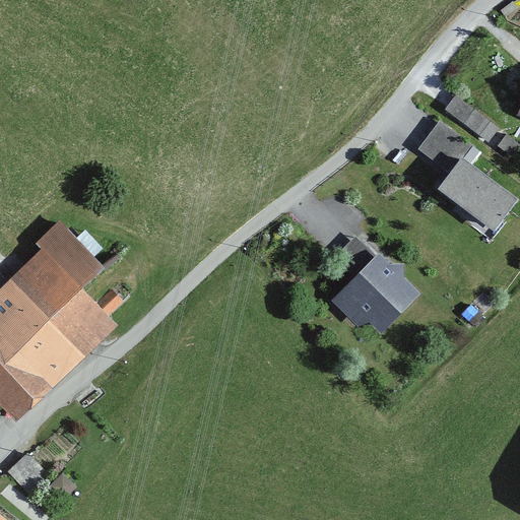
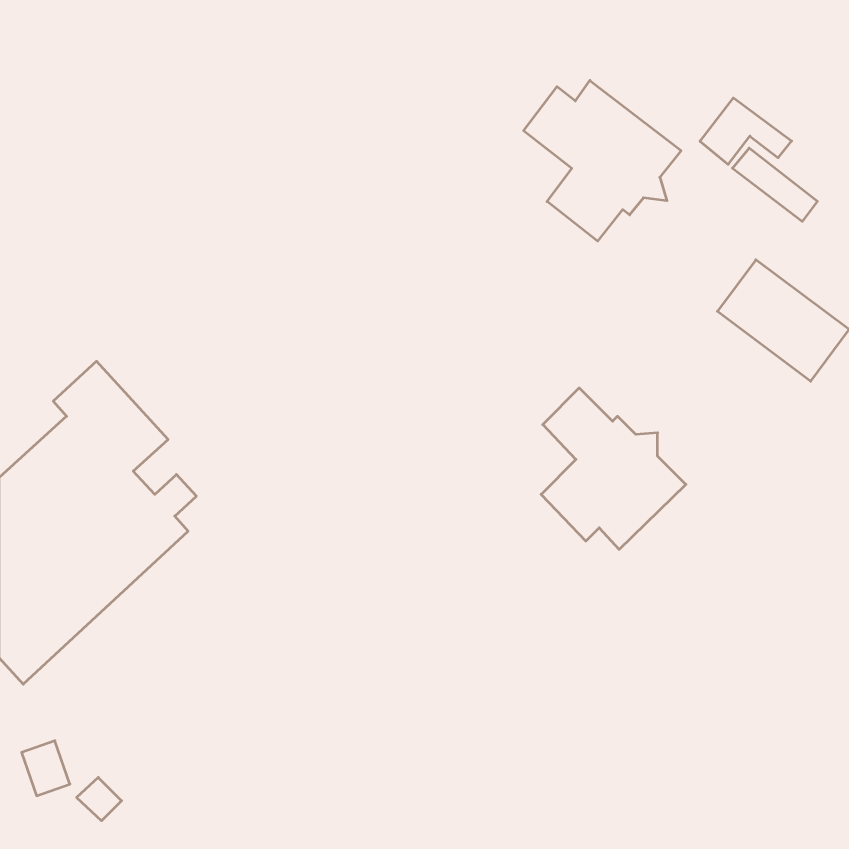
building: none -> [524,80,681,241]
building: [416,122,472,162] -> [700,98,792,164]

